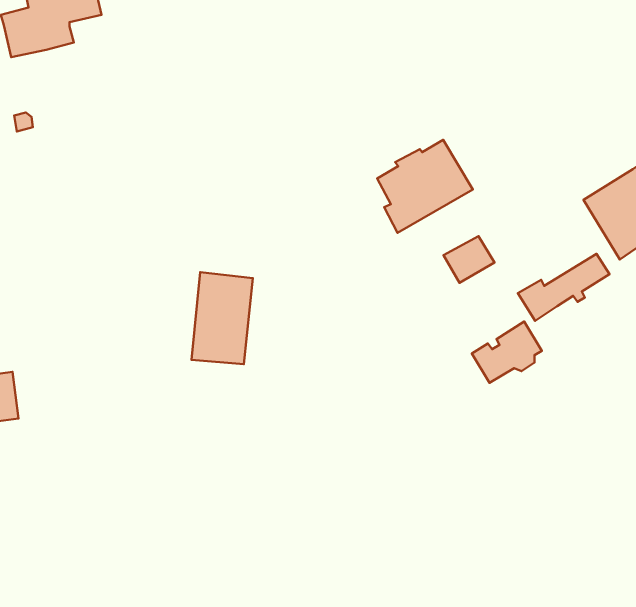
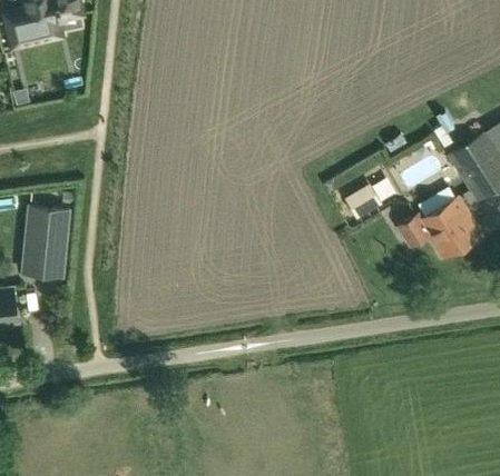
building: [377,140,473,233] -> none
building: [192,272,253,364] -> [22,205,69,275]
building: [472,322,542,383] -> [430,211,483,258]

